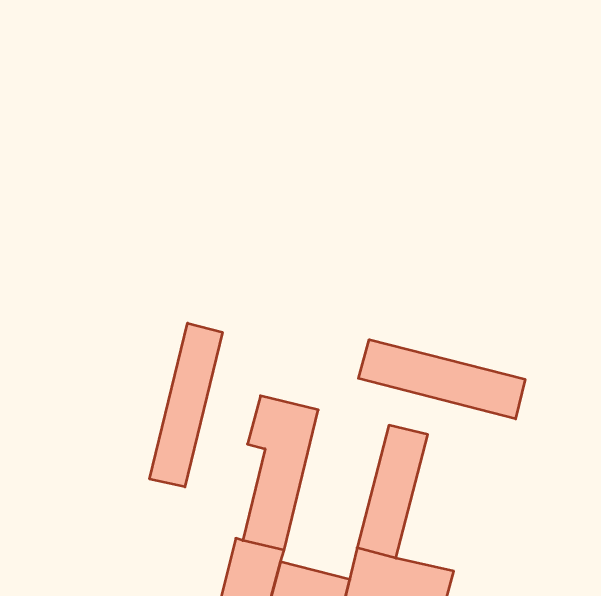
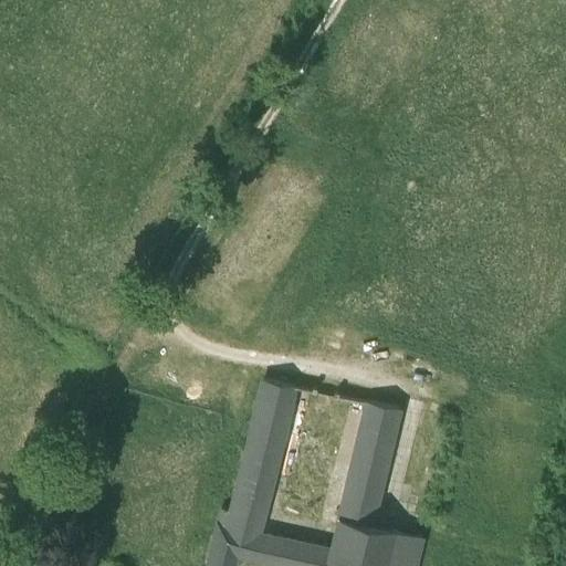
building: [150,323,222,487] -> none
building: [358,340,525,419] -> none

